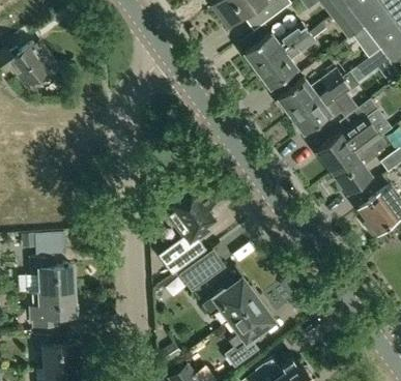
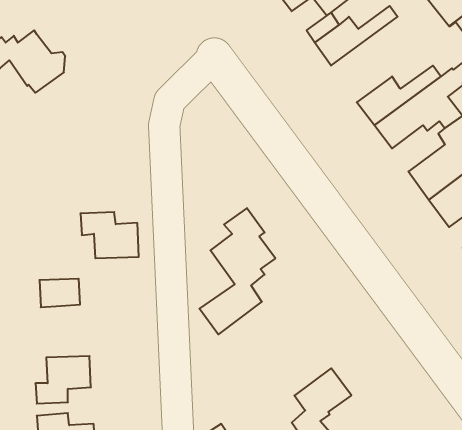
building: [258,33,316,88] -> none
building: [179,251,225,292] -> none
building: [29,258,74,293] -> [80,212,139,258]
building: [202,280,258,322] -> none

